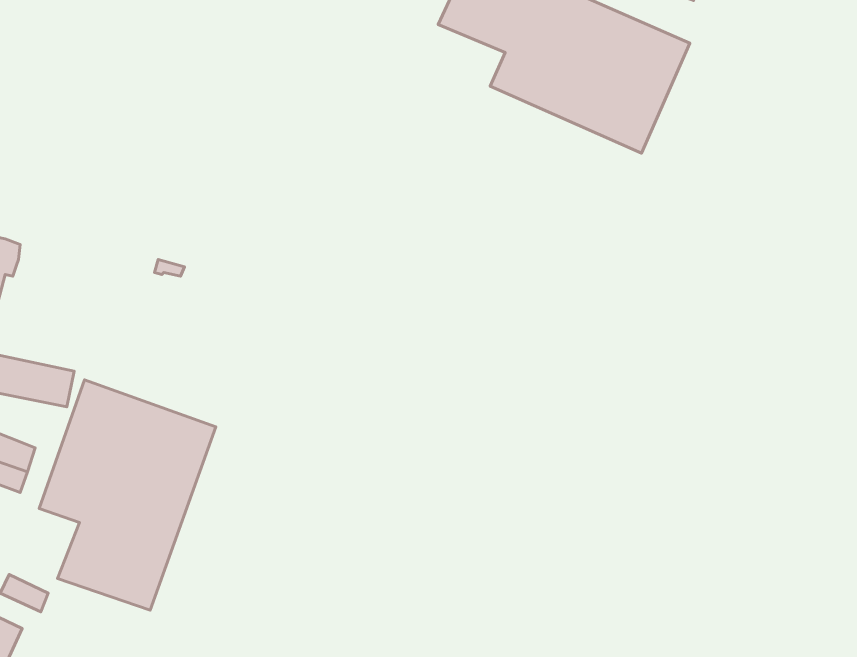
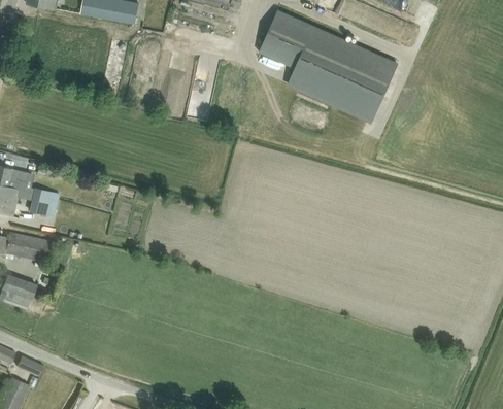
building: none -> [28,186,59,217]
building: [39,380,216,610] -> none

